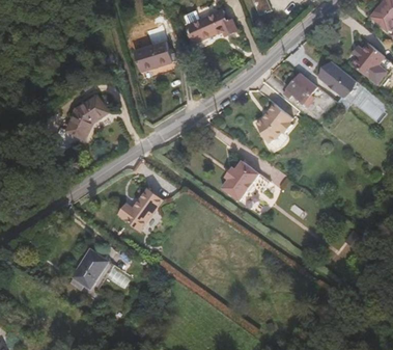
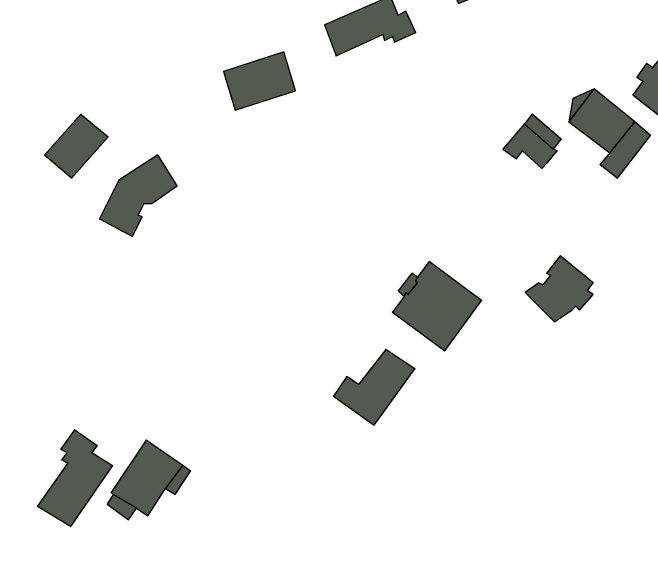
building: none -> [45,114,108,178]
building: [255,104,291,139] -> [525,256,593,322]
building: [119,189,163,230] -> [333,349,415,425]
building: none -> [38,430,112,527]

